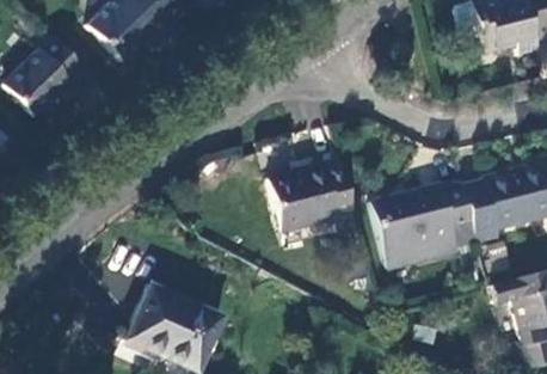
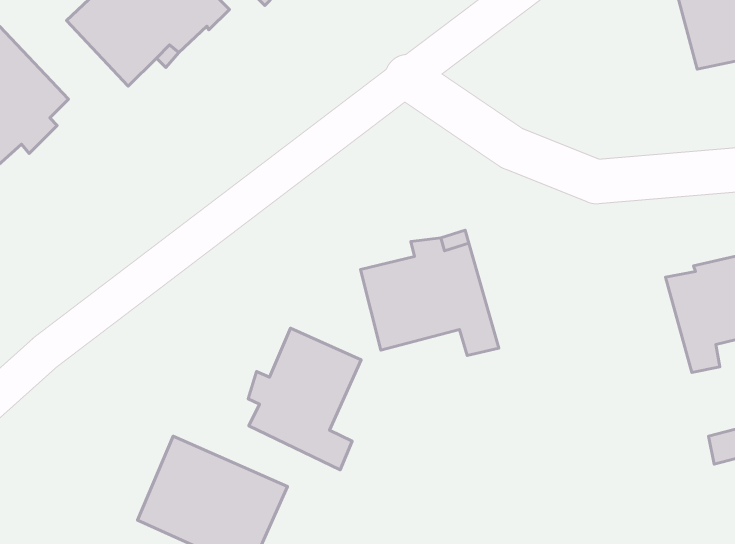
building: [374,182,481,274] -> none
building: none -> [248,328,361,470]

